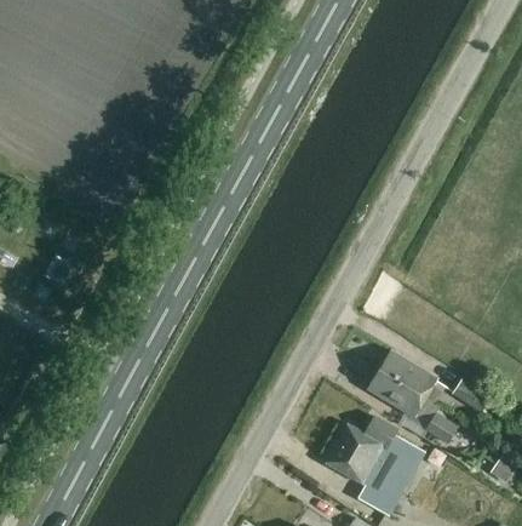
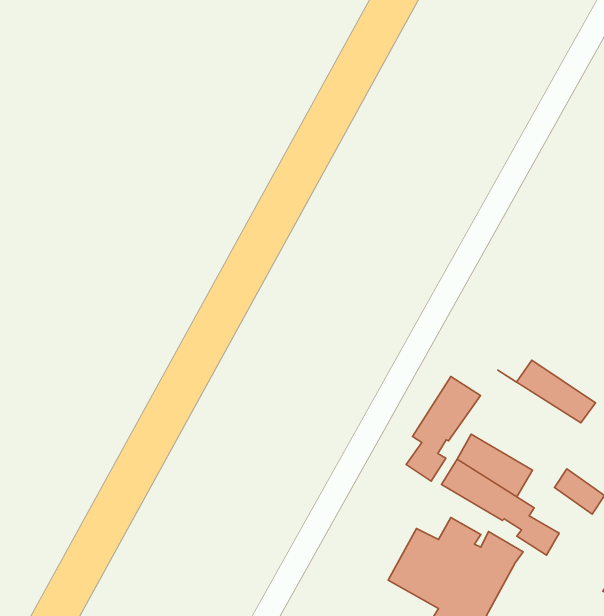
building: none -> [498,360,596,423]
building: none -> [406,376,480,481]

